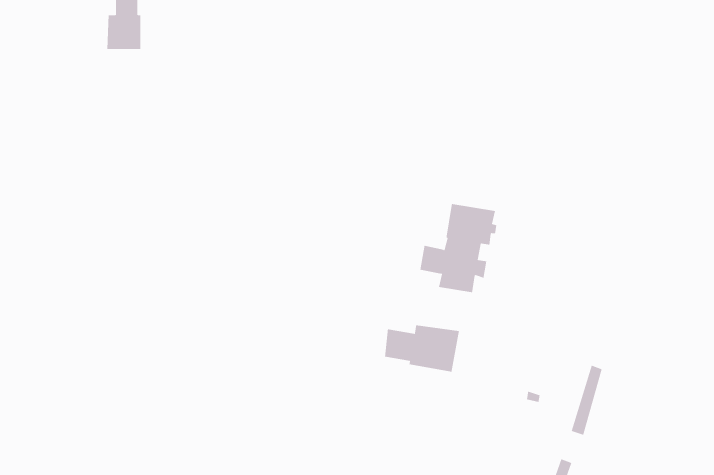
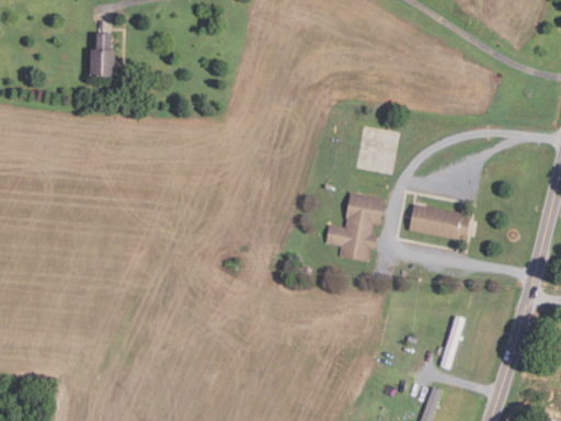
building: none -> [409,205,470,240]
building: [384,325,459,373] -> none

